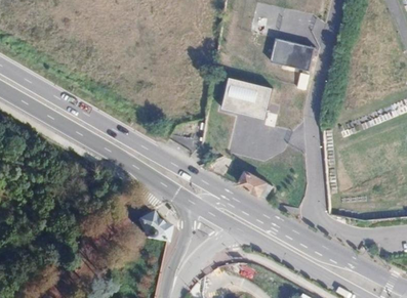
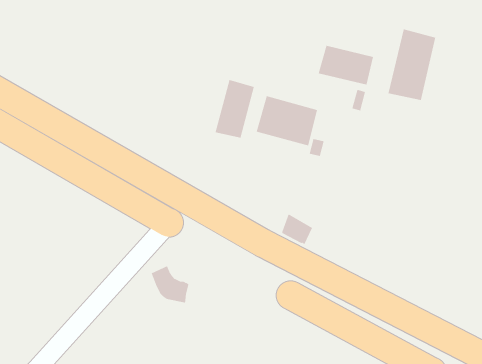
building: none -> [388,29,436,101]
building: none -> [215,79,255,139]

